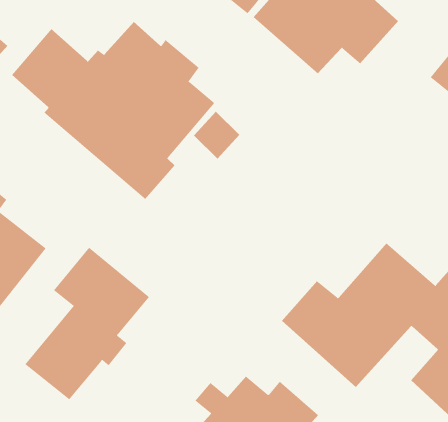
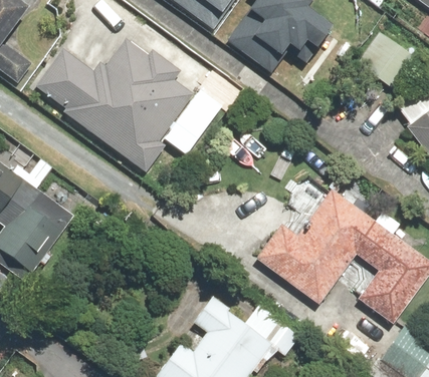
building: [25,247,150,400] -> none

